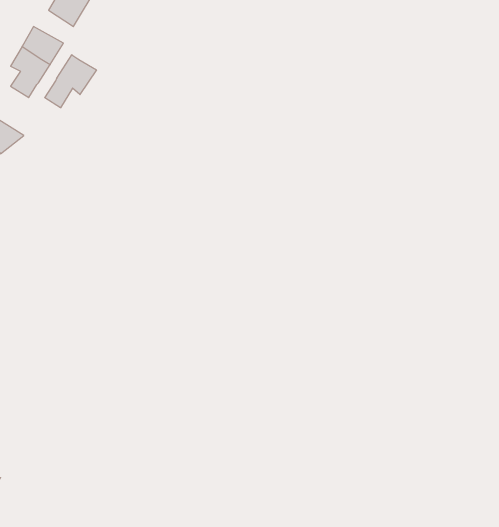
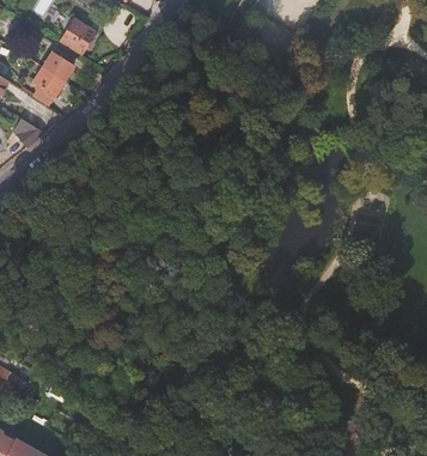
building: [45,55,96,108] -> none

